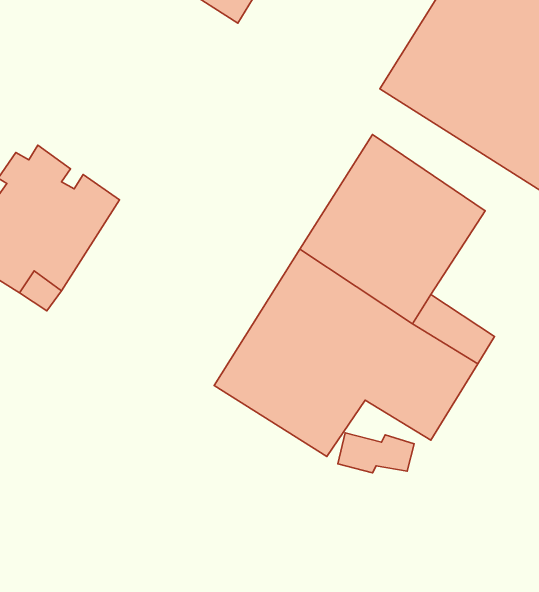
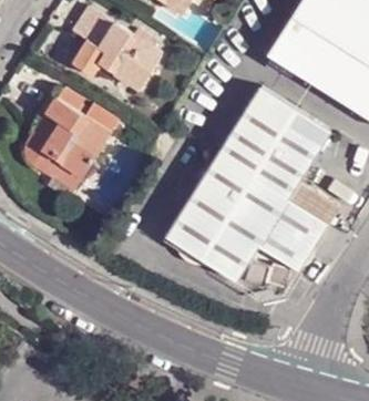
building: none -> [66,9,161,91]

